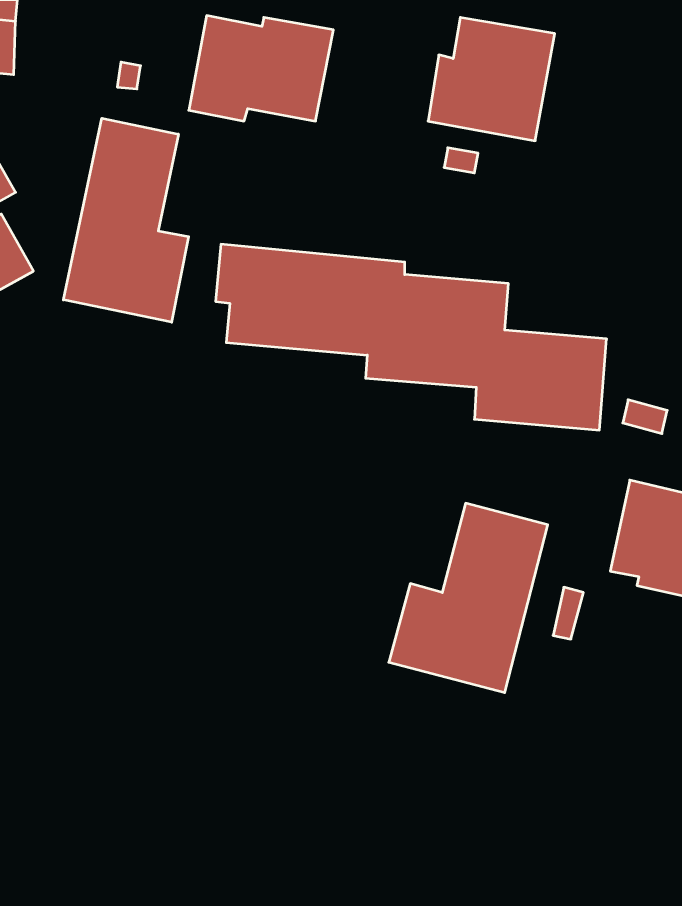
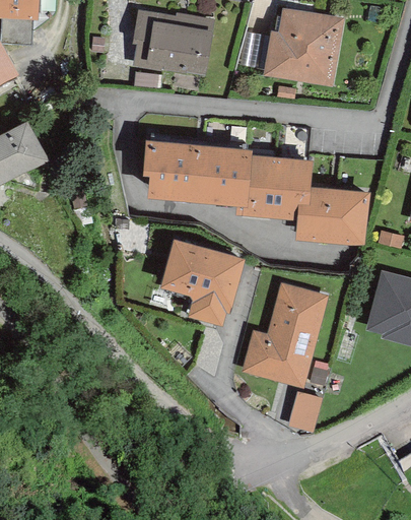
building: [63,118,189,322] -> none
building: none -> [165,241,252,325]
building: none -> [286,393,318,433]

